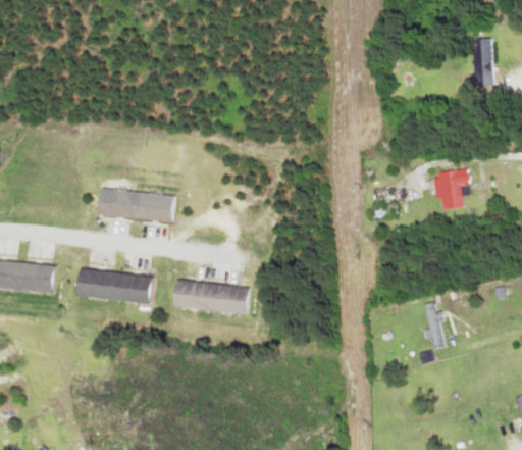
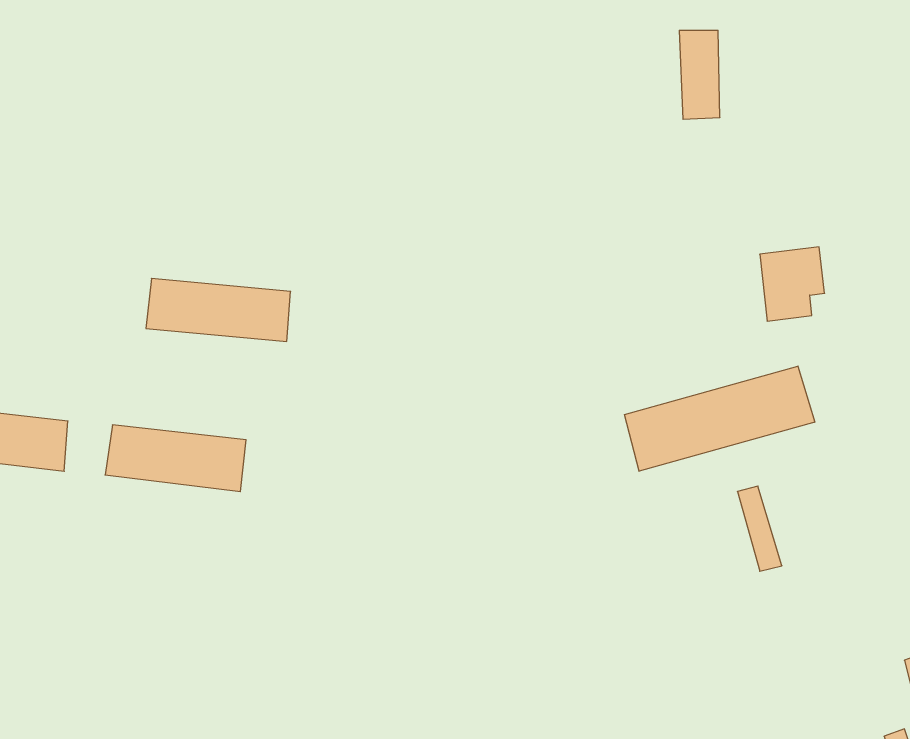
building: [472,40,494,89] -> [679,30,720,119]
building: none -> [624,366,815,471]
building: [171,280,251,316] -> none

